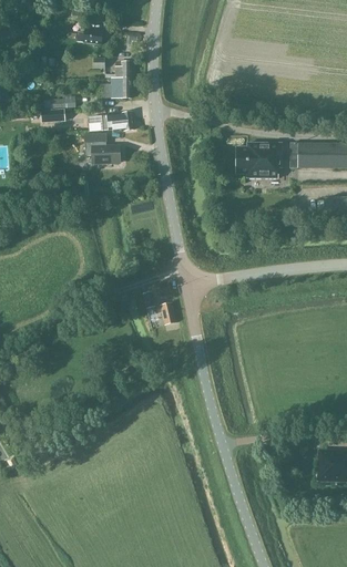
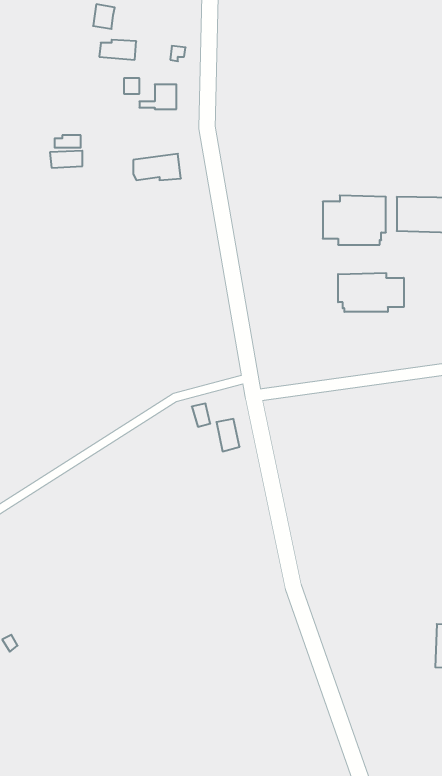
building: [104,78,132,97] -> none
building: [85,133,121,162] -> none
building: none -> [338,273,404,312]

